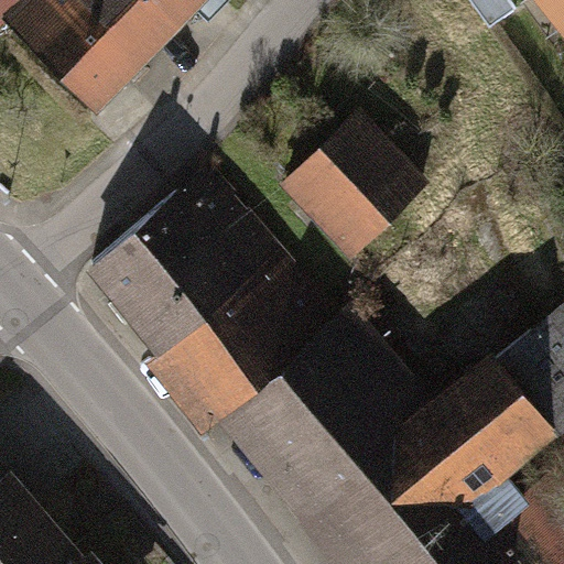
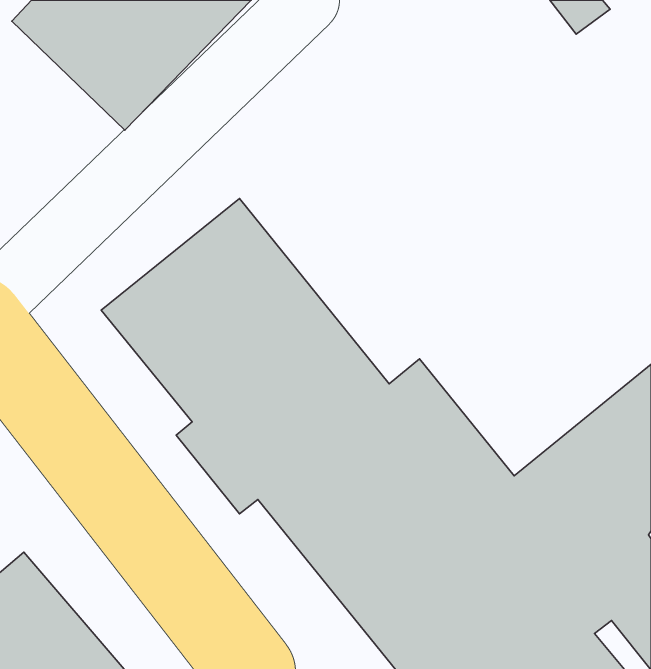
building: [280,113,427,260] -> none

